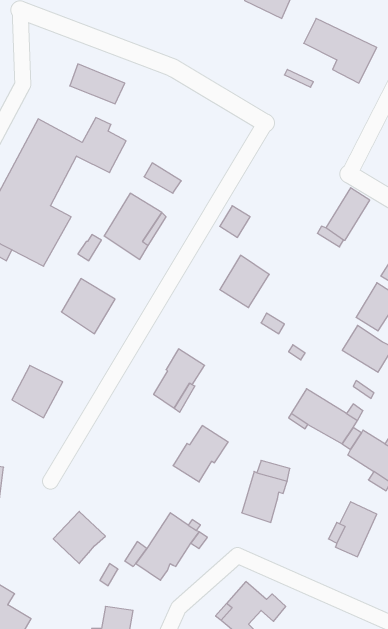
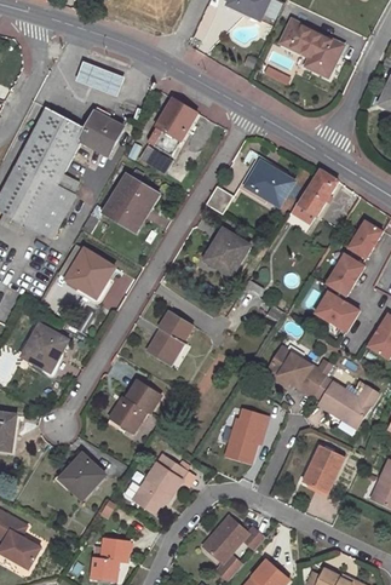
building: none -> [146,98,197,155]
building: none -> [246,156,293,205]
building: [173,426,228,482] -> [111,380,160,430]

